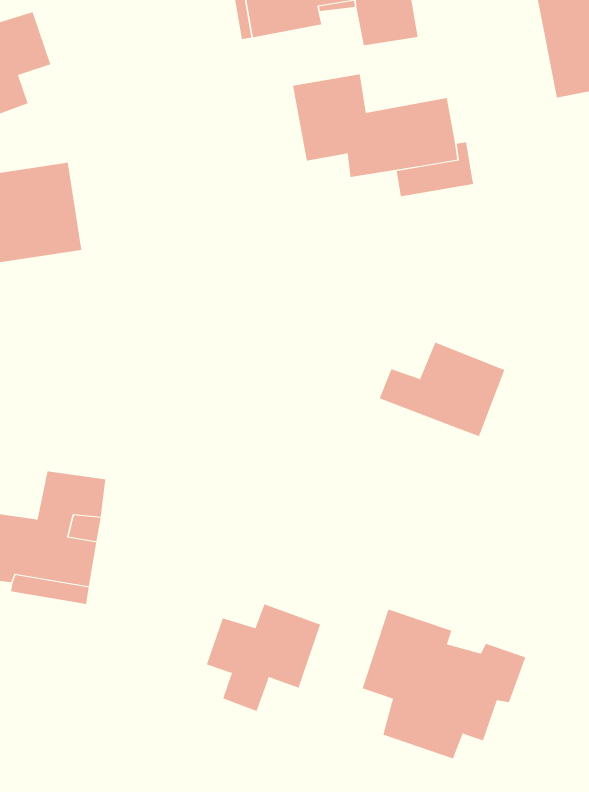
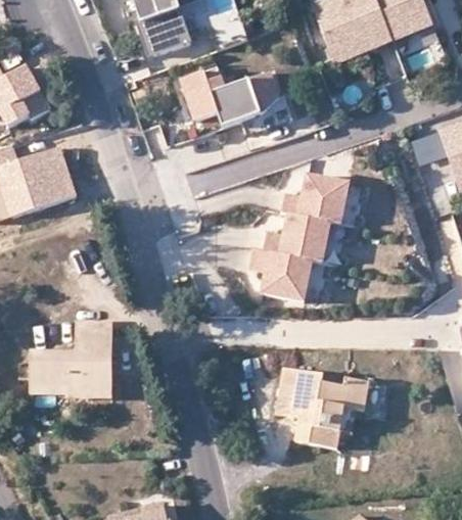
building: none -> [279,175,348,224]
building: none -> [246,248,311,301]
building: [206,604,321,712] -> none

